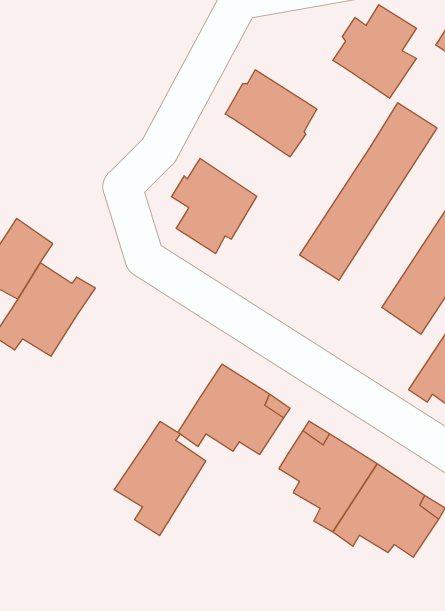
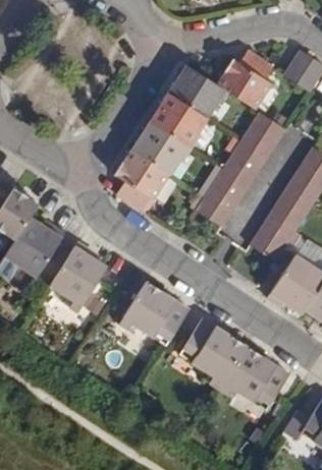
building: none -> [167,65,225,119]
building: none -> [131,121,190,175]
building: [114,422,206,535] -> [47,241,106,314]

